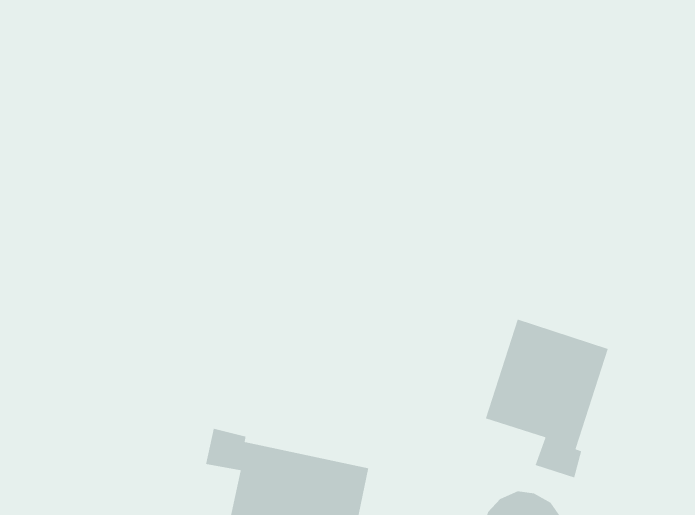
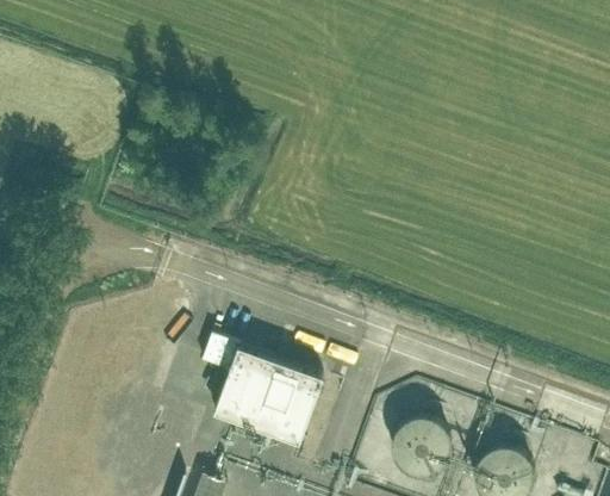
building: [485,319,609,478] -> none

